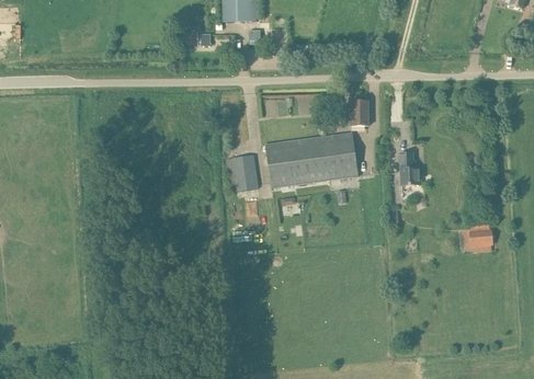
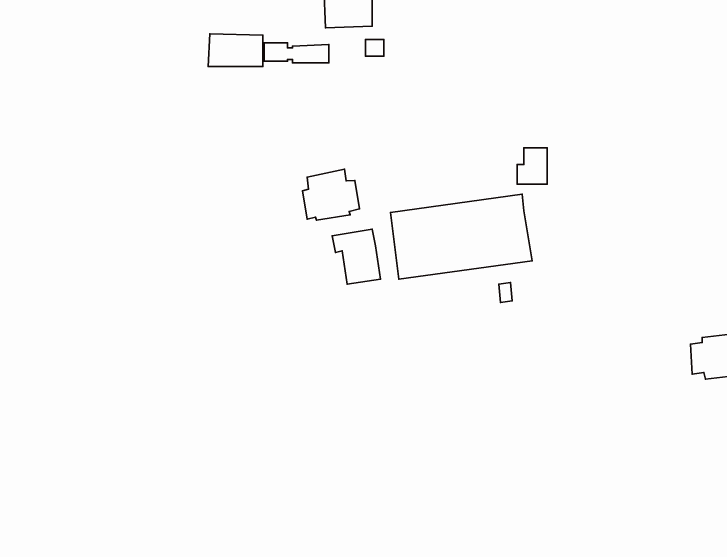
building: none -> [208,34,263,66]
building: none -> [302,169,360,220]
building: [400,152,420,185] -> none

